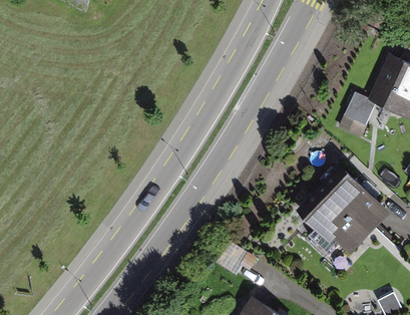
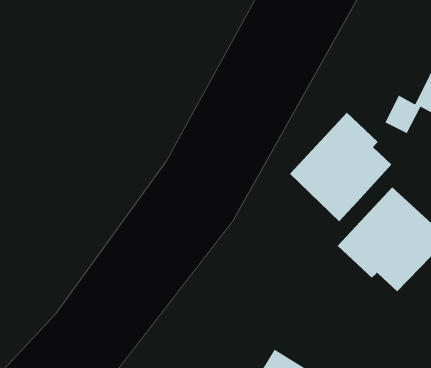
building: none -> [289,112,392,222]

